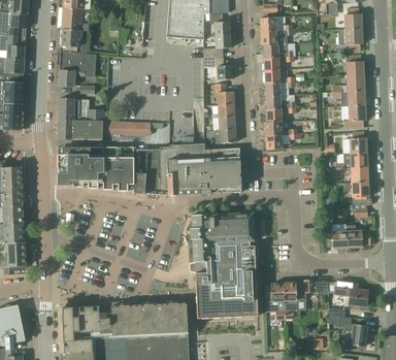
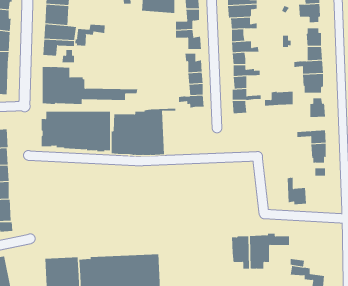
building: none -> [75,24,105,46]
building: [190,146,241,194] -> none
building: [335,153,367,169] -> [264,91,294,106]
building: [190,212,257,319] -> none
building: [345,225,370,248] -> none
building: [328,281,367,306] -> none

